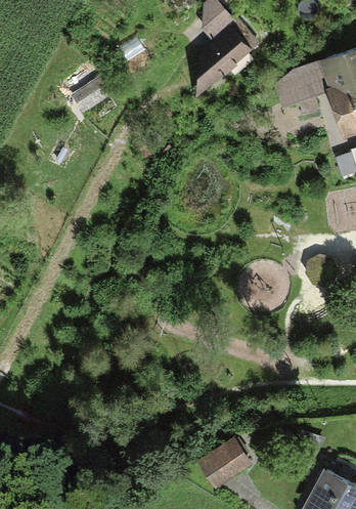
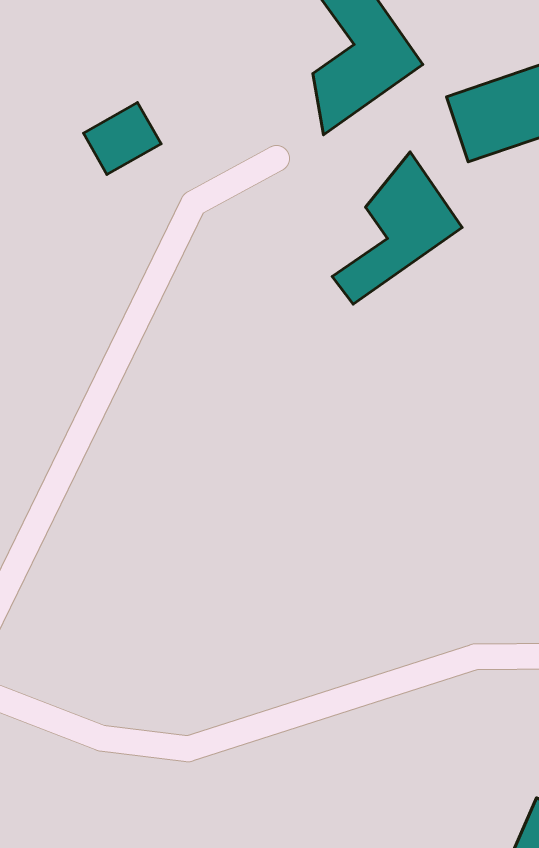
building: none -> [332,152,462,304]
building: [198,439,252,489] -> none

